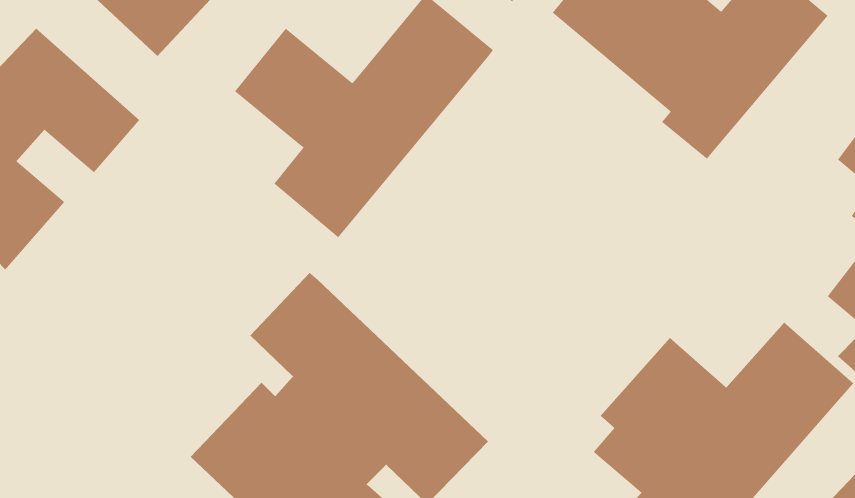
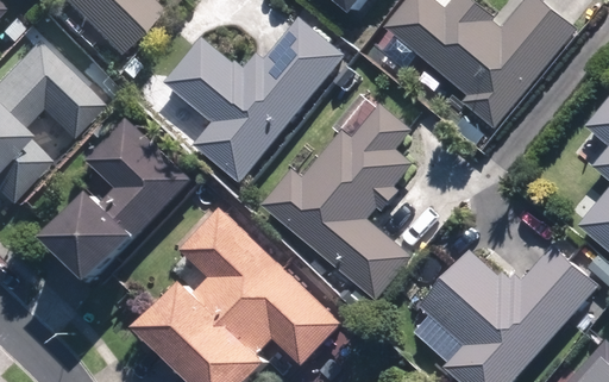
building: none -> [264,102,414,299]
building: none -> [42,115,192,287]

